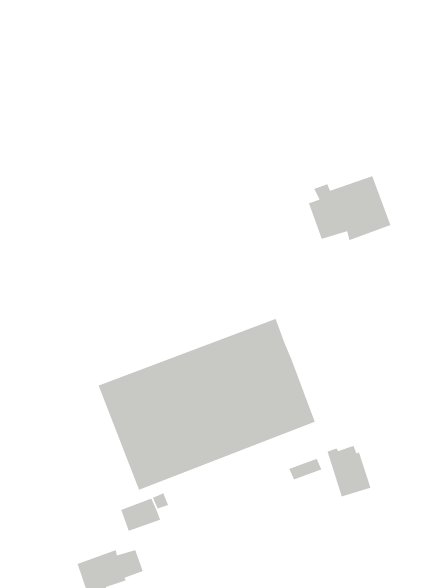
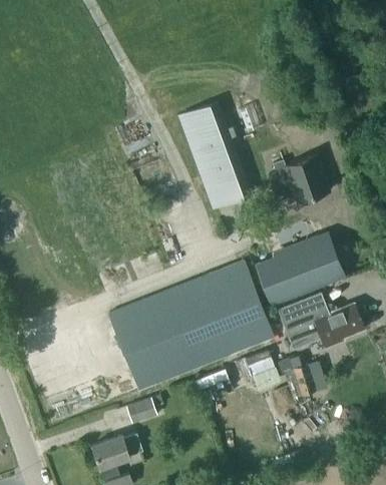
building: none -> [177,100,251,206]
building: none -> [260,239,346,306]
building: none -> [277,294,363,350]

